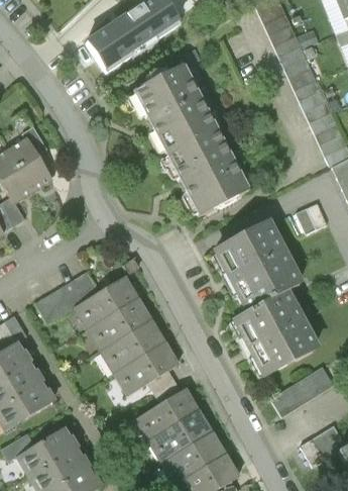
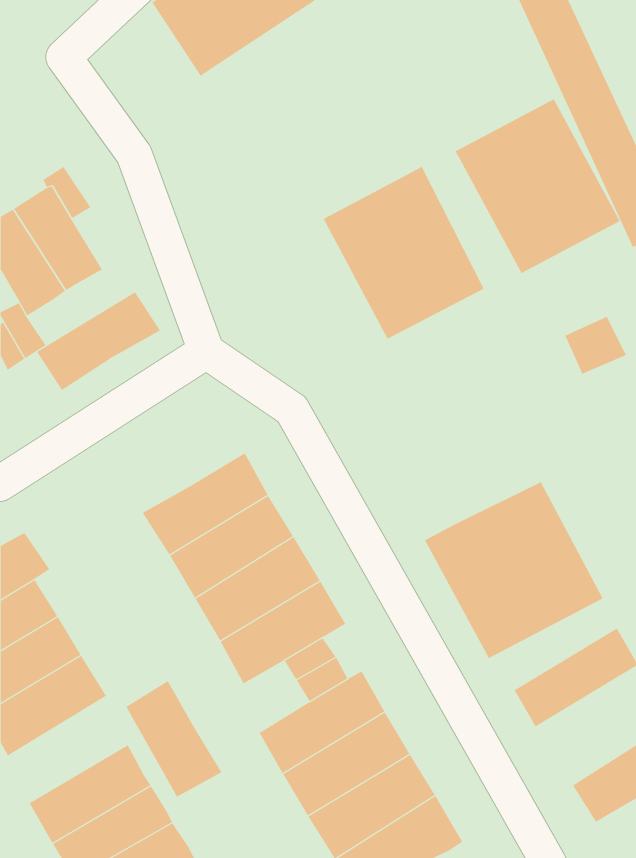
building: [134,61,220,152] -> [455,99,620,274]
building: [206,220,294,310] -> none
building: [35,270,100,321] -> [36,292,161,391]
building: none -> [126,680,222,797]

